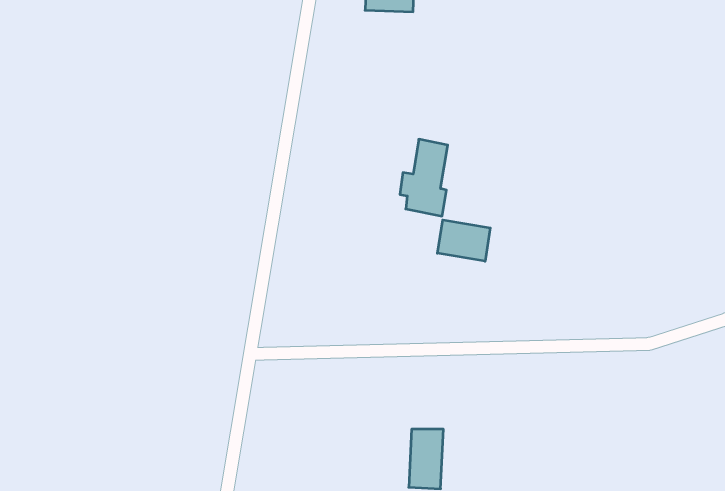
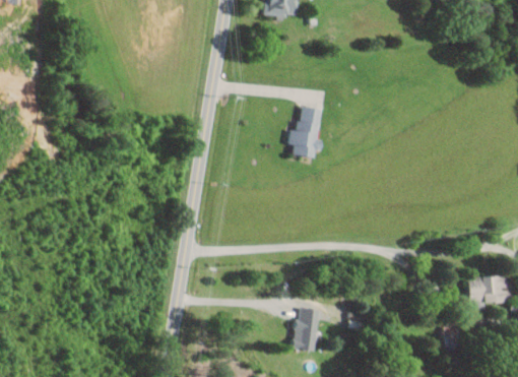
building: [437,220,490,261] -> none
building: none -> [469,276,509,304]

